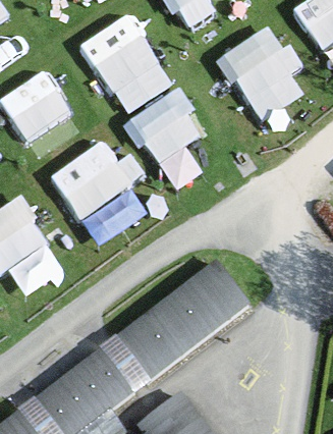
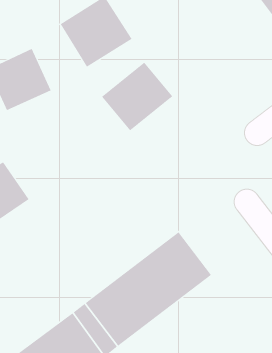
building: [219,26,308,120] -> none
building: [49,140,132,218] -> none

